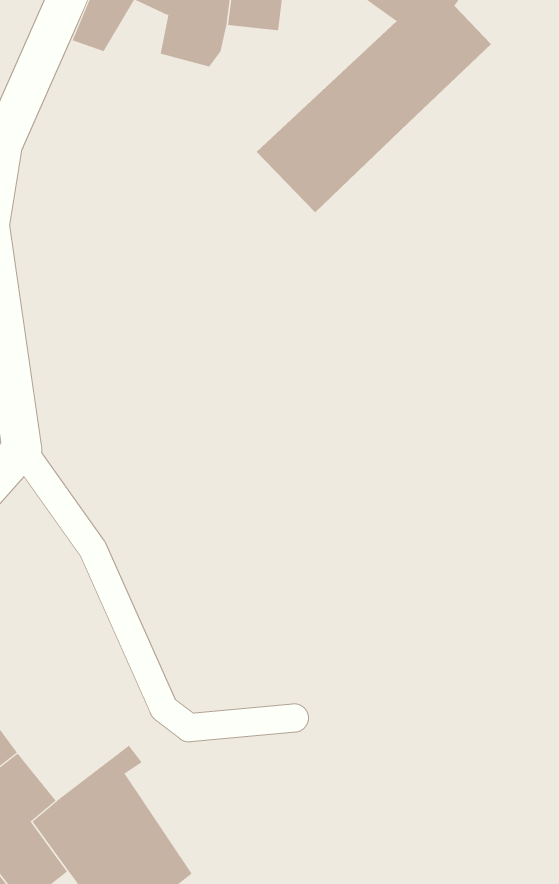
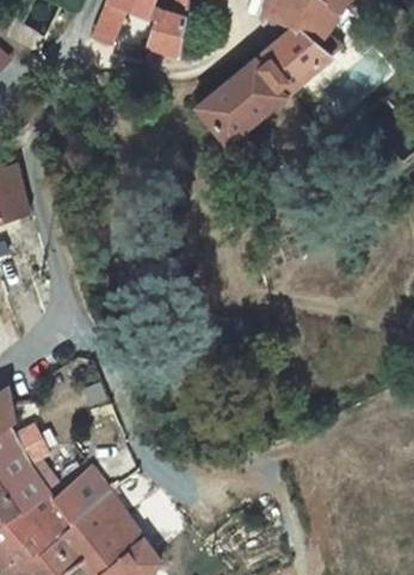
building: none -> [55,463,109,515]

